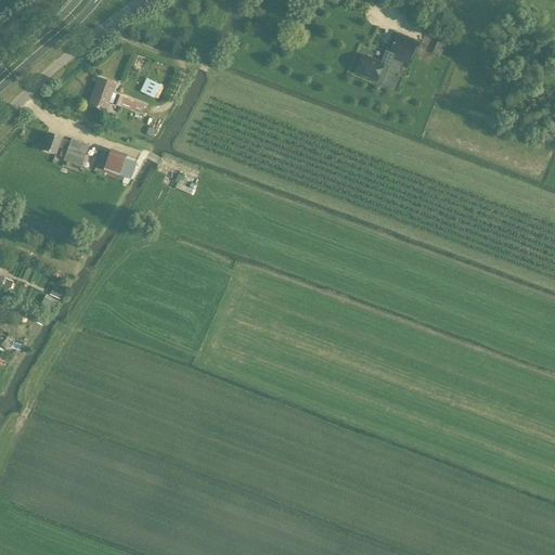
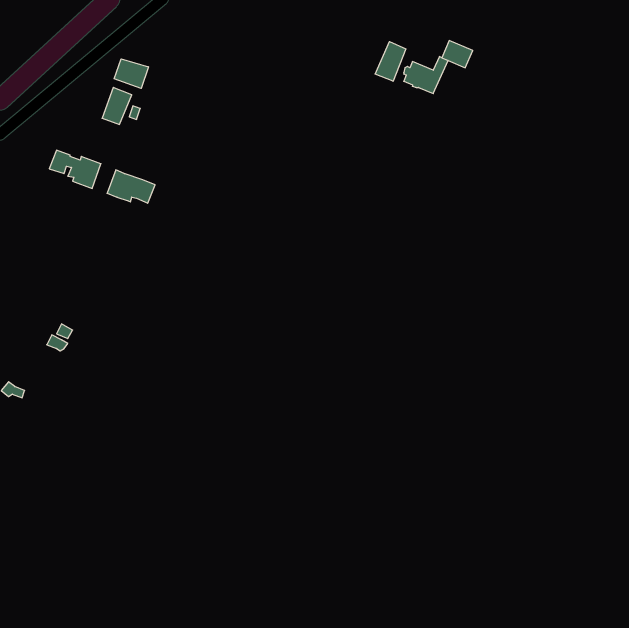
building: none -> [375,42,406,81]
building: none -> [114,59,148,88]

